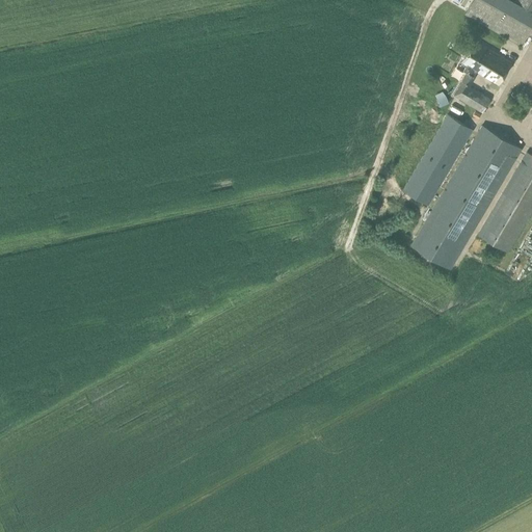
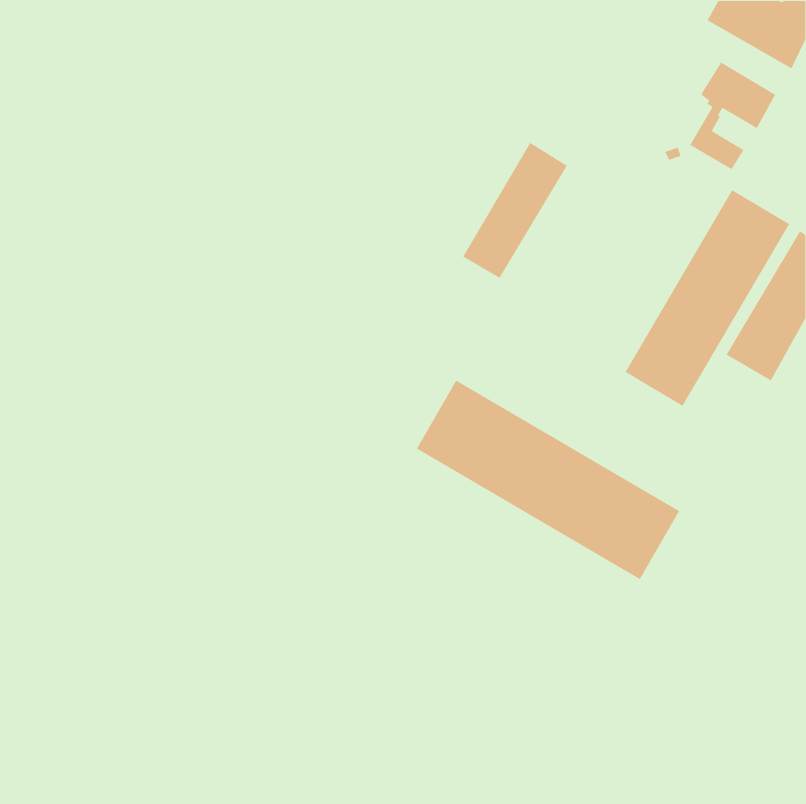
building: [403,115,473,206] -> [462,142,568,279]
building: none -> [416,380,680,580]

